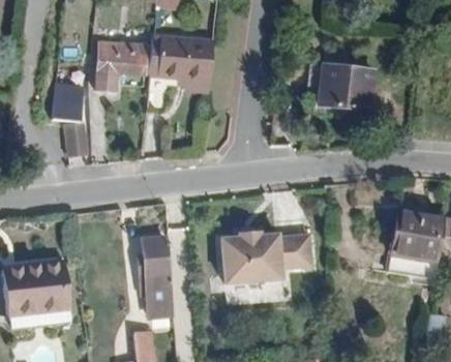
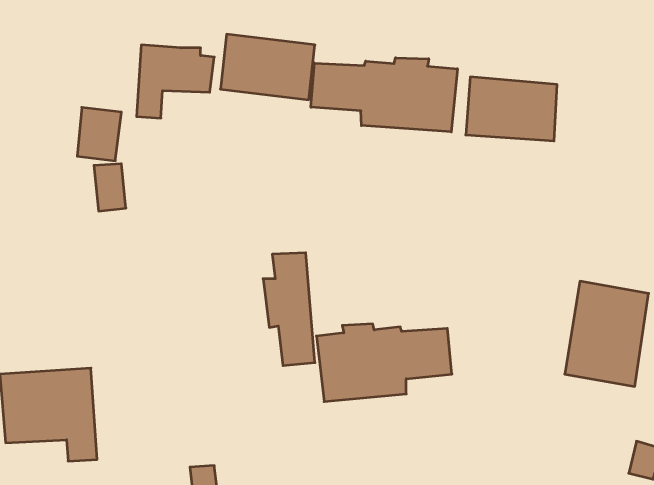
building: none -> [311,58,457,132]
building: [134,237,170,313] -> [263,253,315,366]

